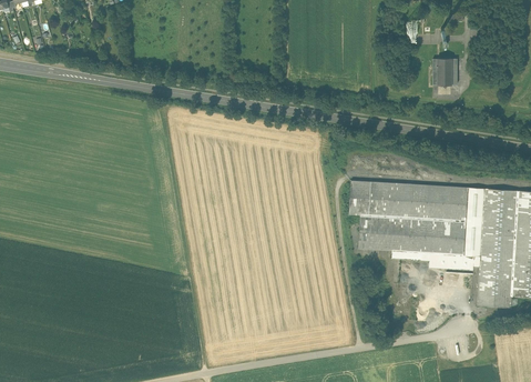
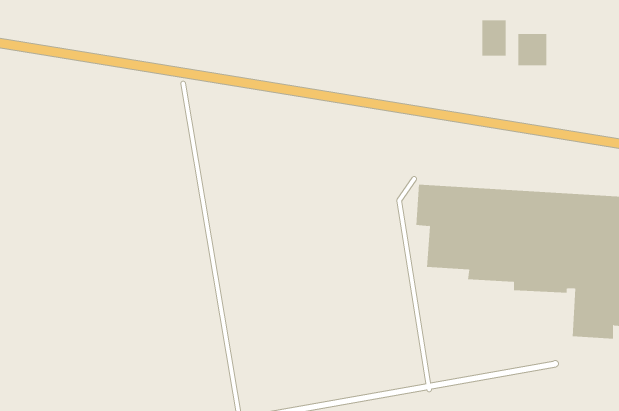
building: none -> [482,19,506,57]

